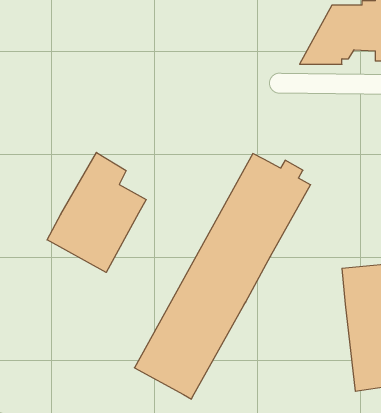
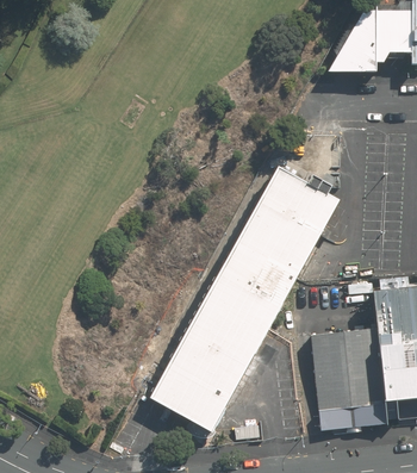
building: [47,152,146,272] -> none
building: none -> [311,330,388,430]

